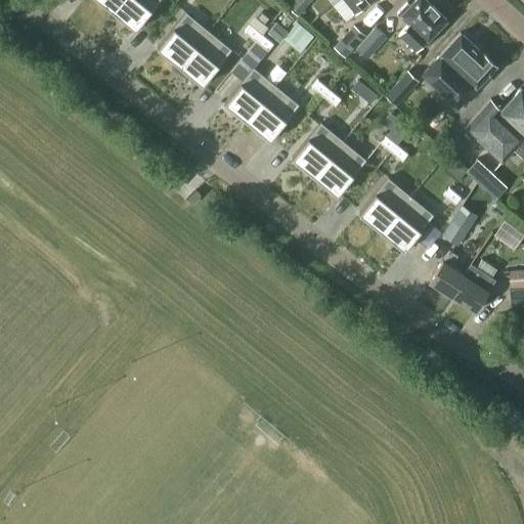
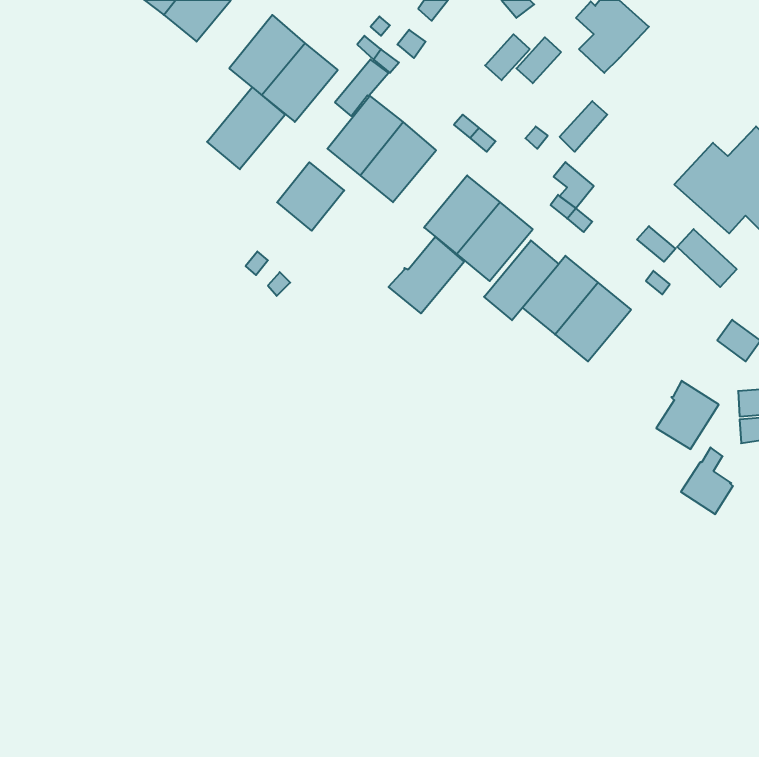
building: [422,34,496,110] -> none
building: none -> [207,87,285,169]
building: none -> [277,162,344,231]
building: none -> [389,237,464,313]
building: none -> [484,240,559,320]
building: [443,206,477,246] -> none
building: [429,251,465,297] -> [681,447,733,514]

